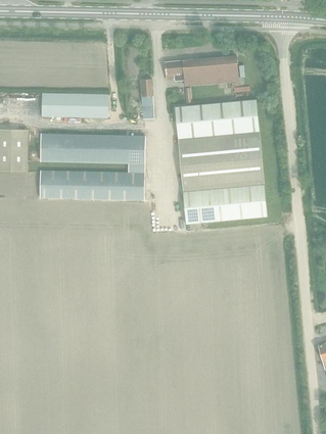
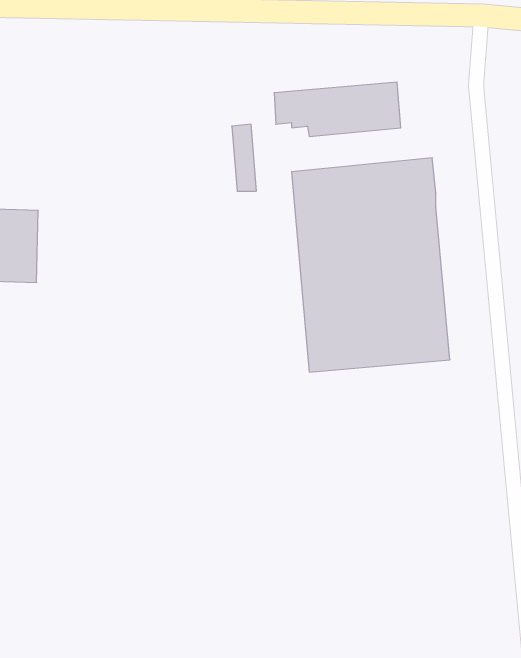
building: [42,93,108,116] -> none
building: [40,134,145,199] -> none

